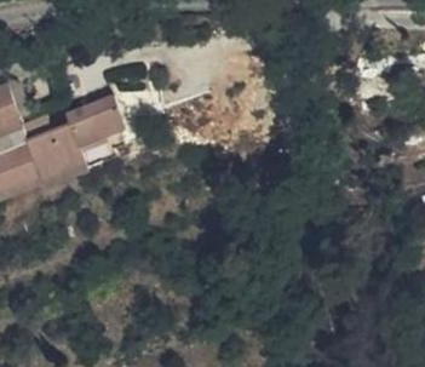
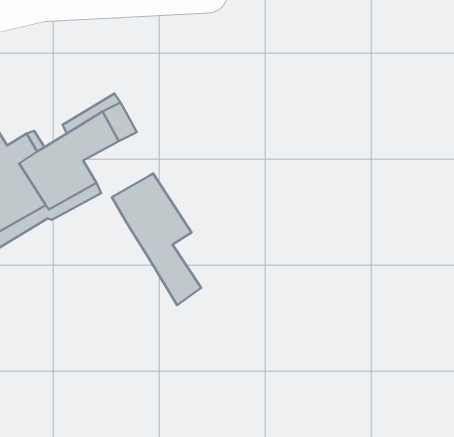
building: none -> [112,174,201,305]

